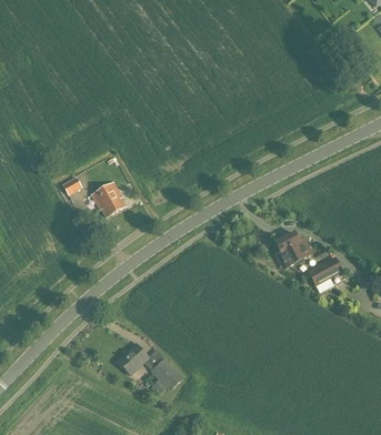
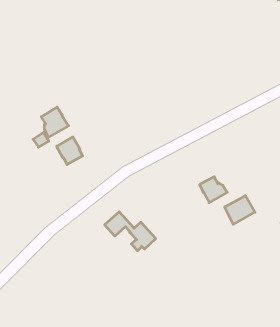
building: none -> [41,107,69,137]
building: [117,343,182,393] -> [105,212,156,251]

